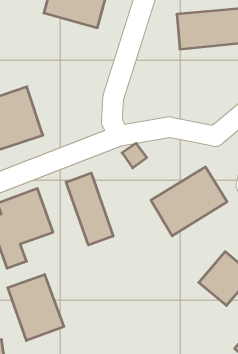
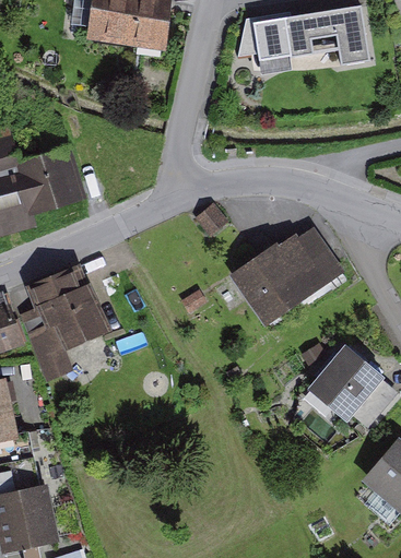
building: [66,173,113,245] -> none
building: [8,274,64,341] -> none

